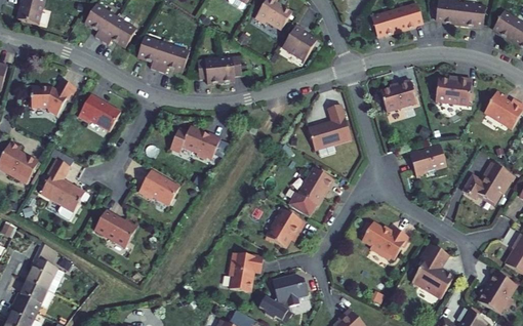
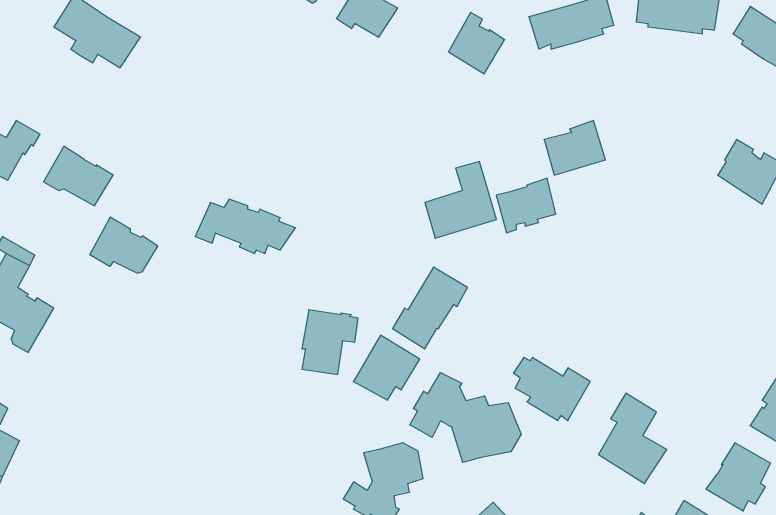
building: [282,24,316,60] -> [448,12,505,74]
building: [136,36,189,73] -> none
building: [197,55,241,83] -> none
building: [435,77,471,105] -> none
building: [409,145,445,177] -> [496,178,556,233]
building: [461,162,511,205] -> none
building: [138,169,179,203] -> [90,217,158,273]
building: [93,210,137,247] -> none
building: none -> [410,373,521,462]
building: [229,252,263,291] -> [302,310,358,374]

